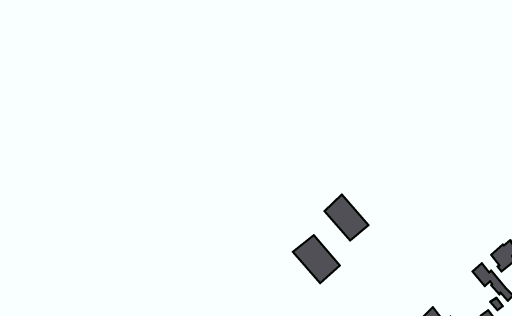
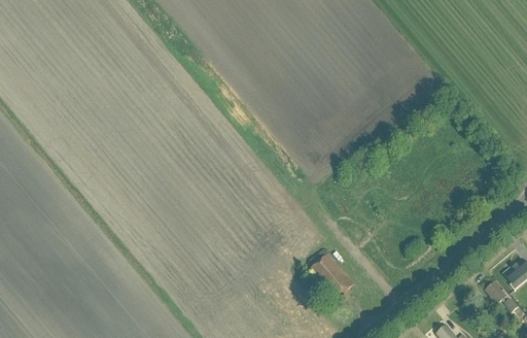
building: [324,195,368,241] -> none

